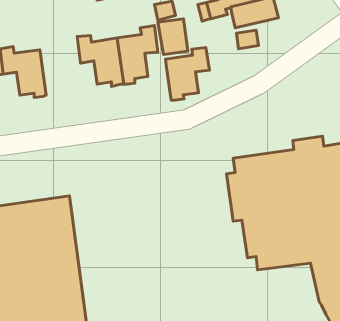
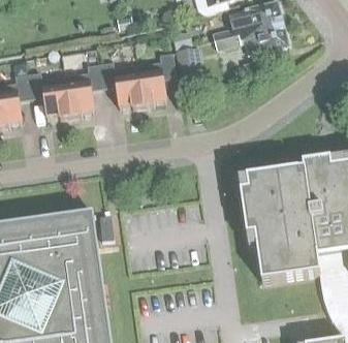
building: none -> [65,63,103,118]
building: [166,47,210,100] -> none

